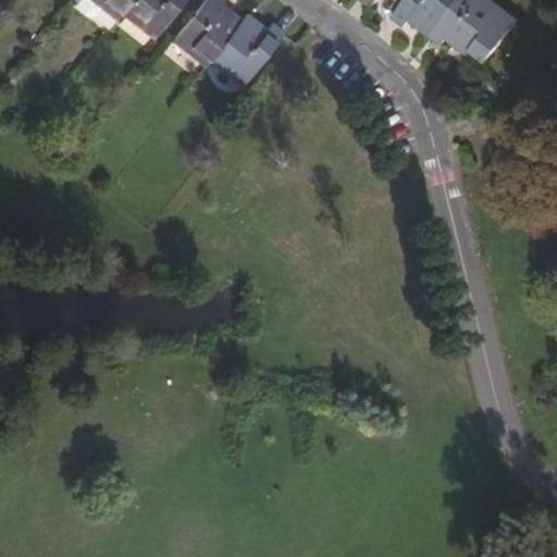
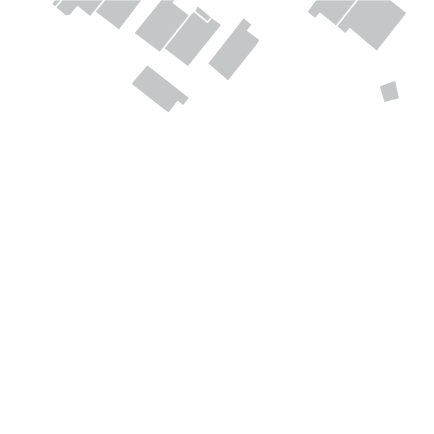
building: none -> [207,17,260,81]
building: none -> [131,64,190,114]

